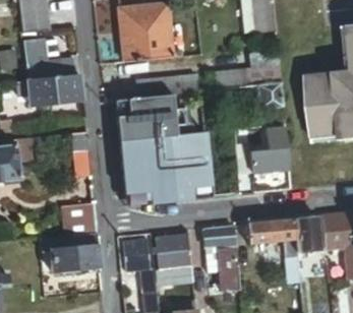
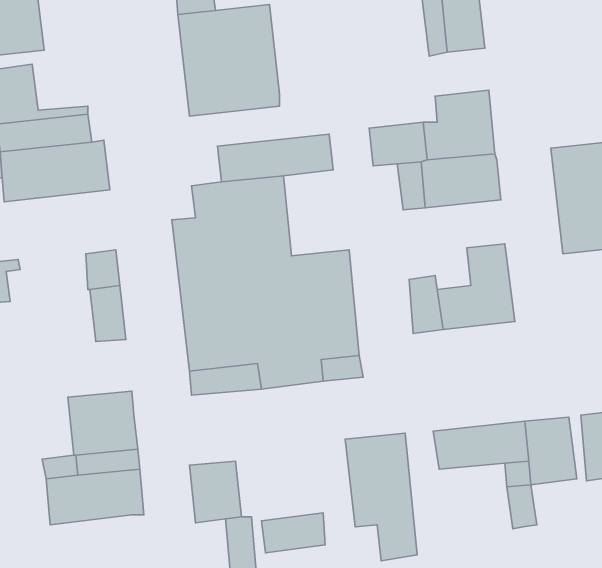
building: [157,236,192,270] -> none

